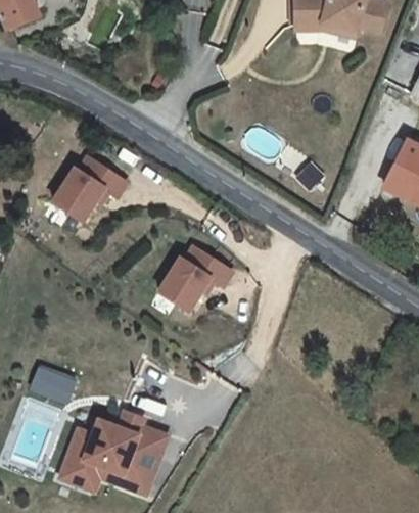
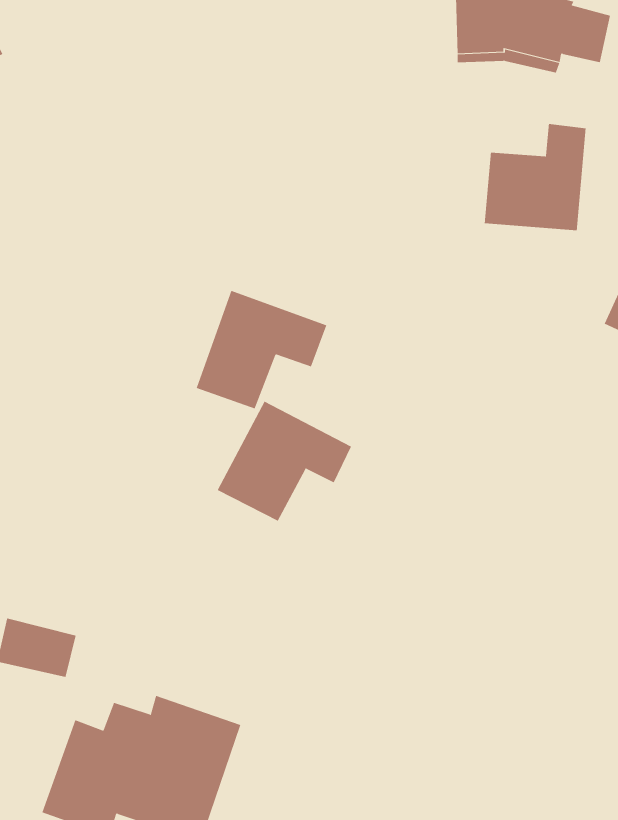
building: none -> [484,123,586,231]
building: [55,149,132,219] -> [196,290,327,409]

